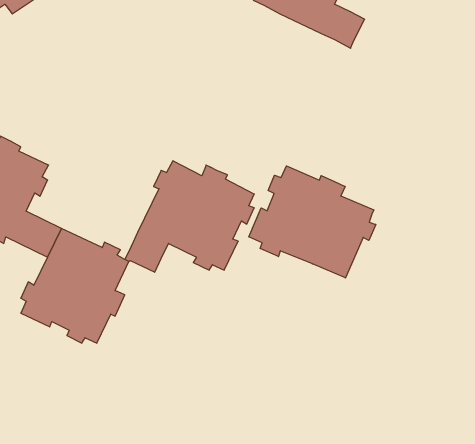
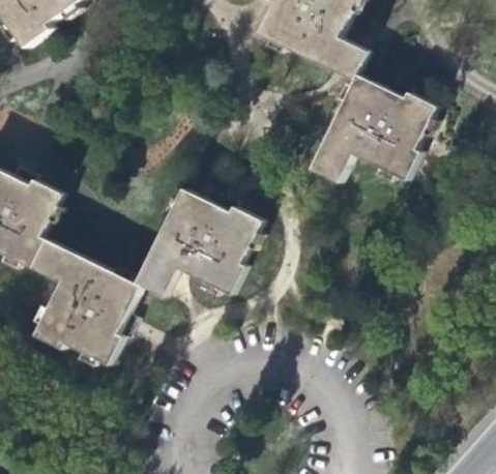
building: none -> [310,73,435,182]
building: [249,166,376,278] -> none

